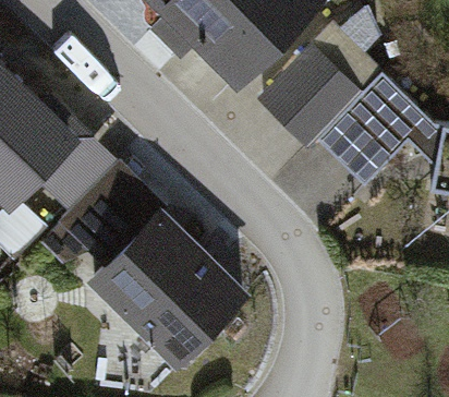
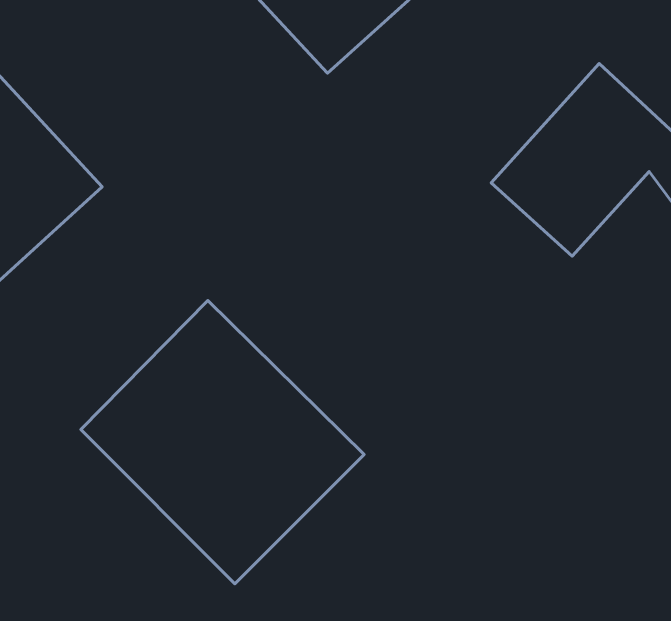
building: [259,47,362,151] -> none

